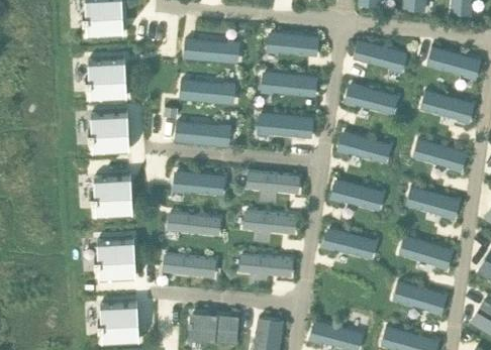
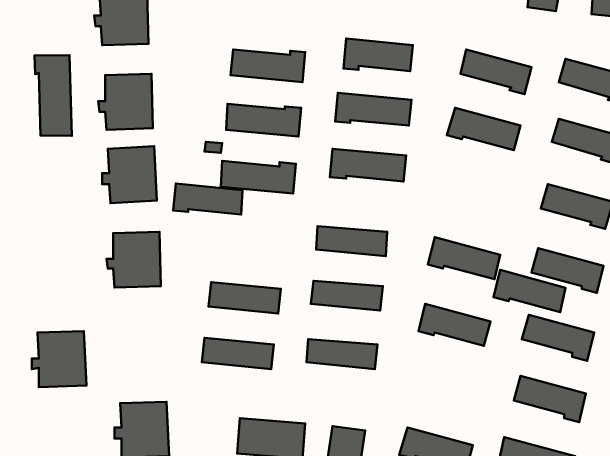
building: none -> [34,55,72,136]
building: [336,132,390,163] -> [493,270,566,312]
building: [173,172,224,196] -> [173,183,243,215]
building: [94,241,134,282] -> [32,331,86,387]

